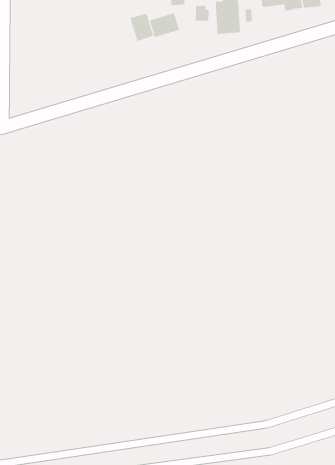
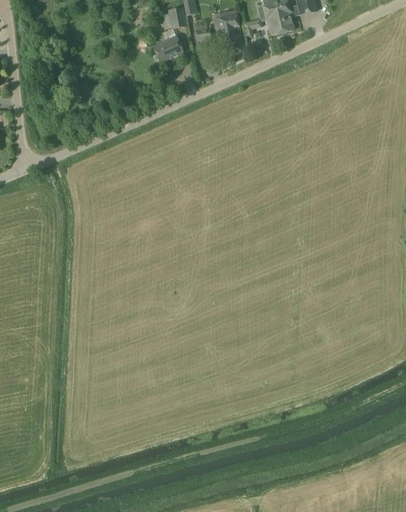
building: none -> [266,13,294,34]
building: [129,13,154,42] -> none

